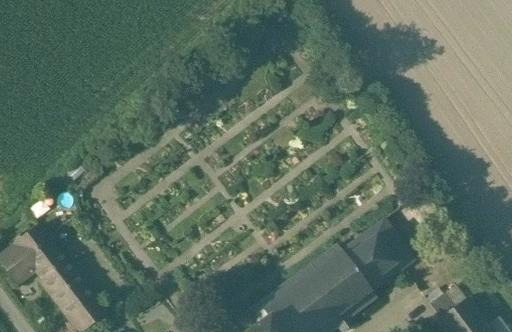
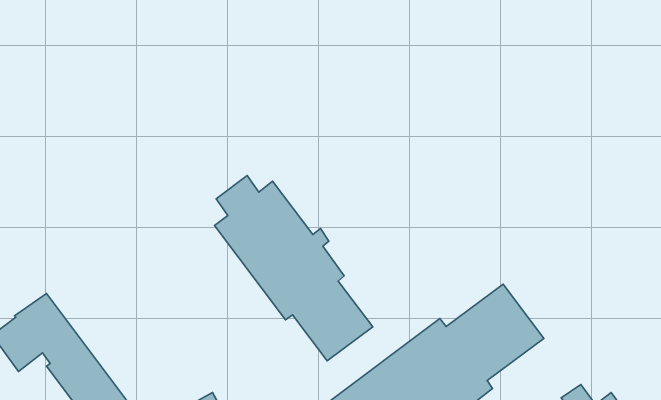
building: none -> [215,175,373,361]

